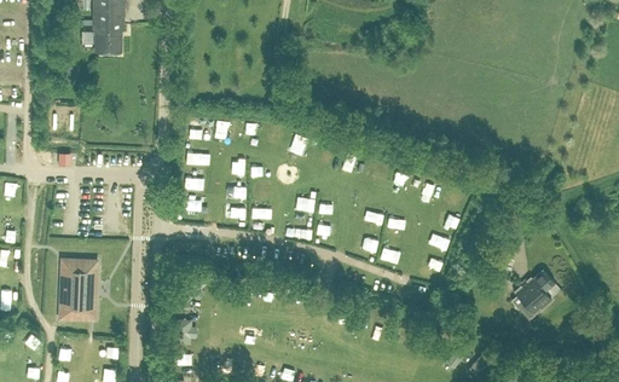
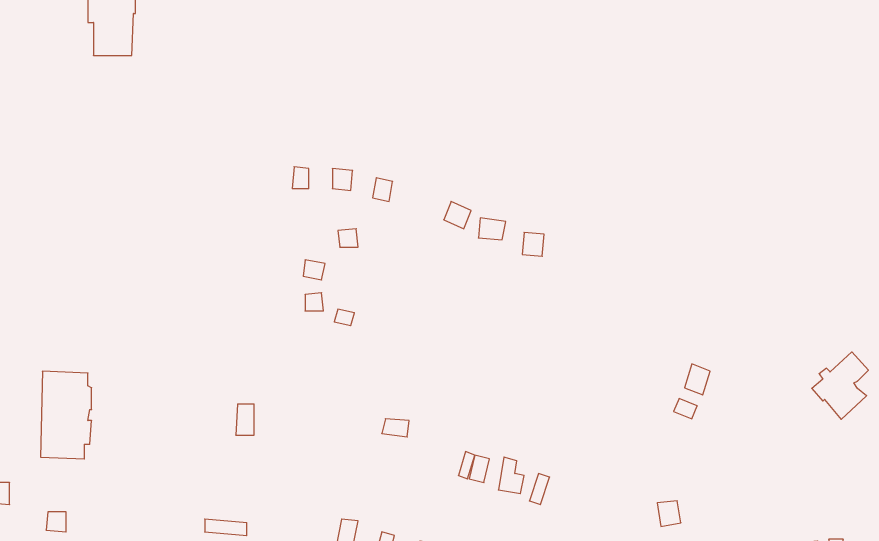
building: [515,271,553,316] -> [812,352,868,419]

